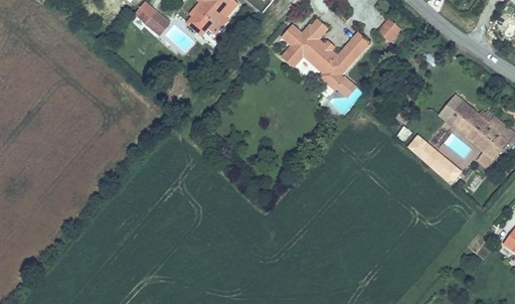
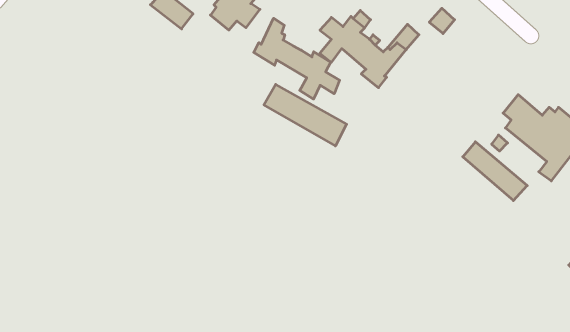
building: none -> [254,18,340,99]
building: none -> [264,84,347,146]

